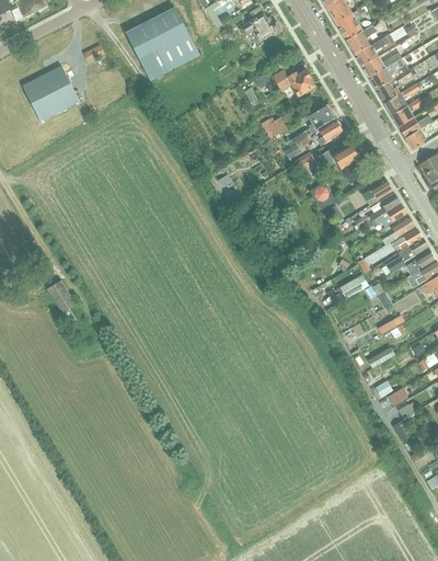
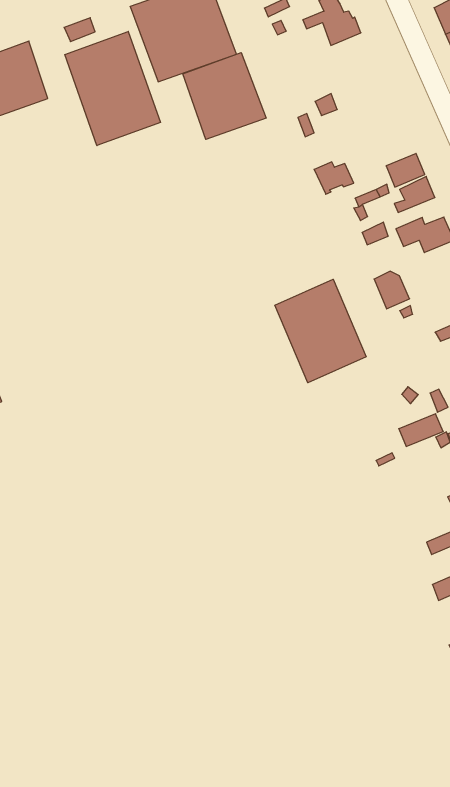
building: none -> [65,31,160,146]
building: none -> [183,53,266,139]
building: [273,70,315,96] -> none
building: none -> [275,279,366,383]

